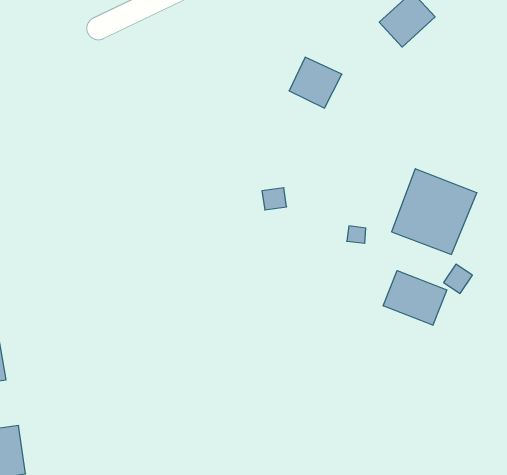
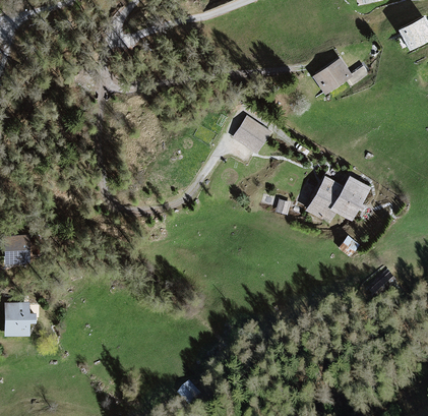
building: [289,57,342,108] -> [232,118,269,155]
building: [383,271,447,325] -> none

